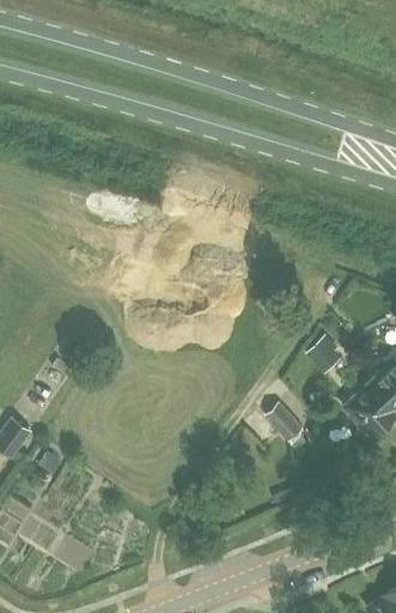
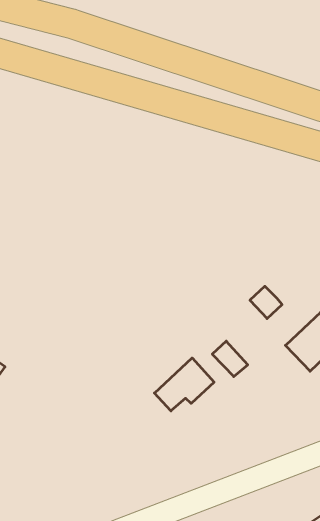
building: none -> [154,358,214,411]

